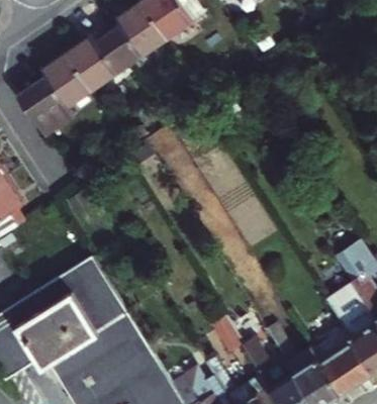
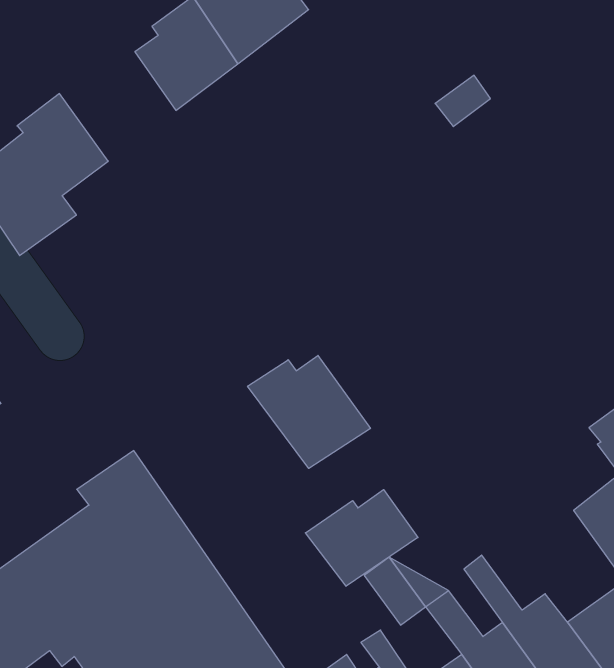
building: [63,34,125,93] -> none
building: none -> [248,355,370,468]
building: none -> [305,490,418,586]

